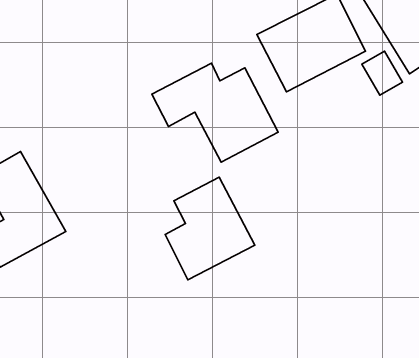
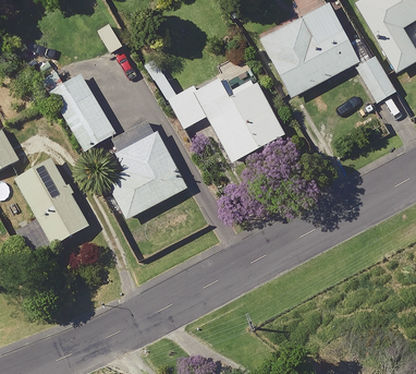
building: none -> [38,55,111,144]
building: [165,177,255,280] -> [102,122,184,216]

